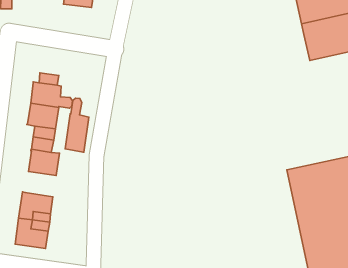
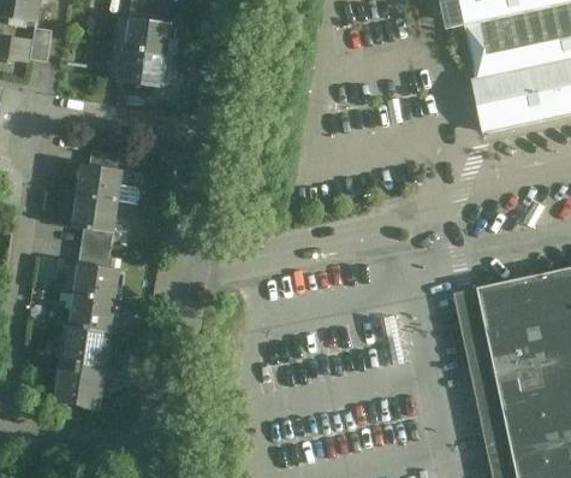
building: none -> [121,49,167,85]
building: [65,98,89,152] -> none
building: none -> [70,295,115,332]

